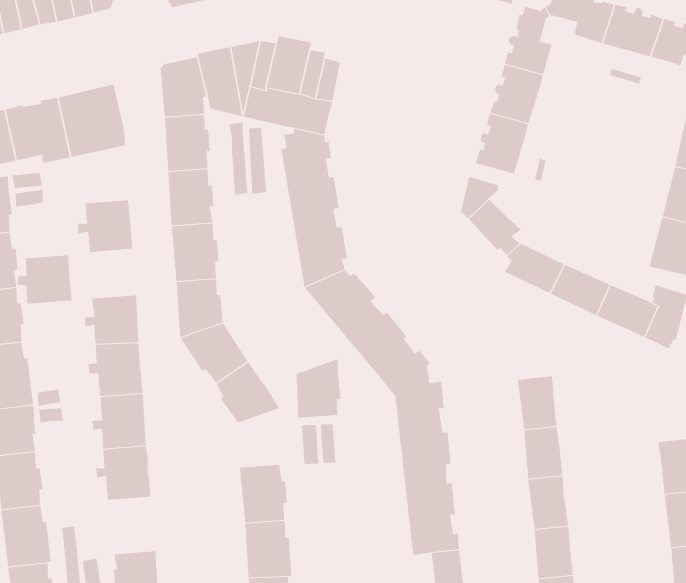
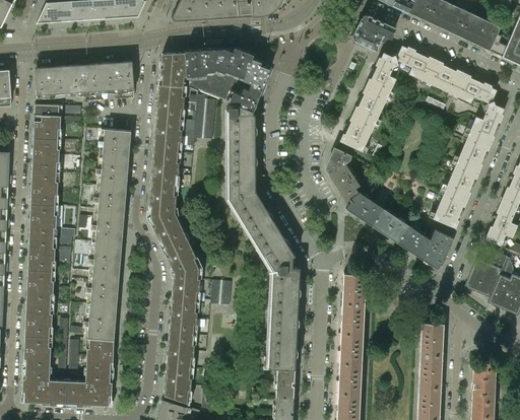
building: [17,255,73,304] -> [95,158,129,188]
building: [296,359,341,418] -> [172,268,201,301]
building: none -> [83,306,117,341]

